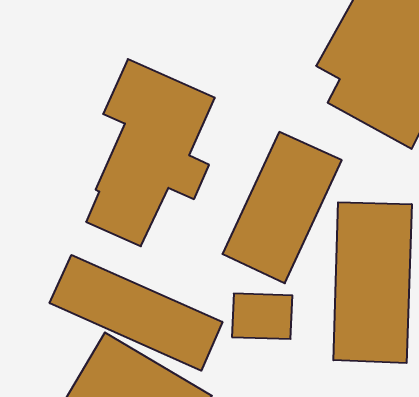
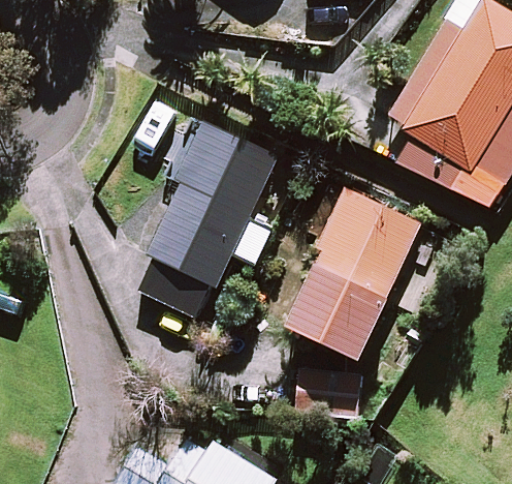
building: [333,202,412,363] -> none
building: [50,255,222,371] -> none

